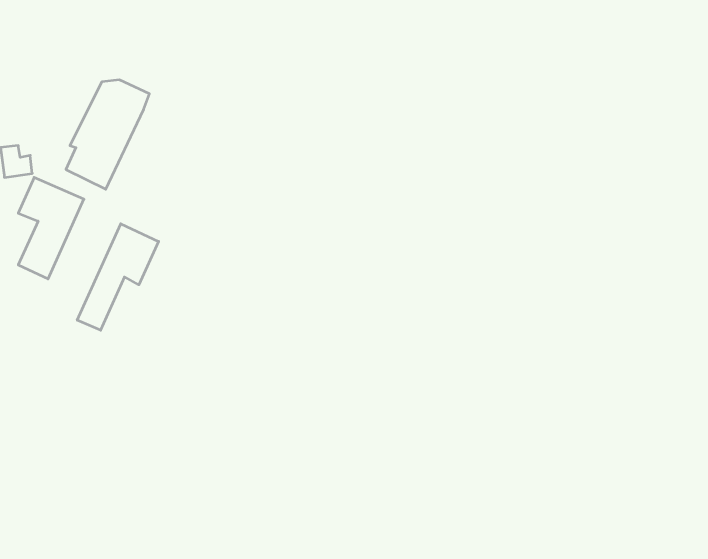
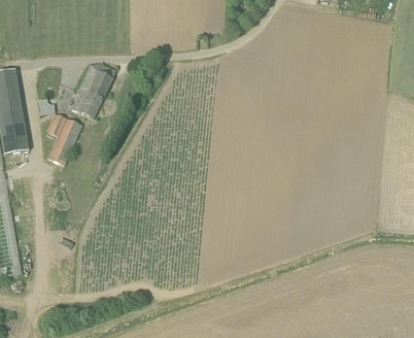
building: [77,224,159,330] -> none

